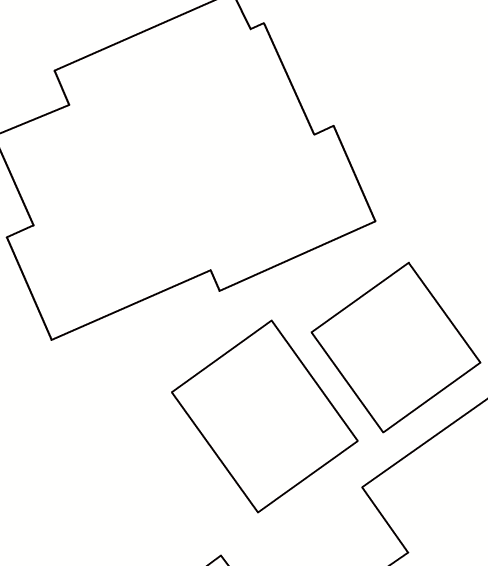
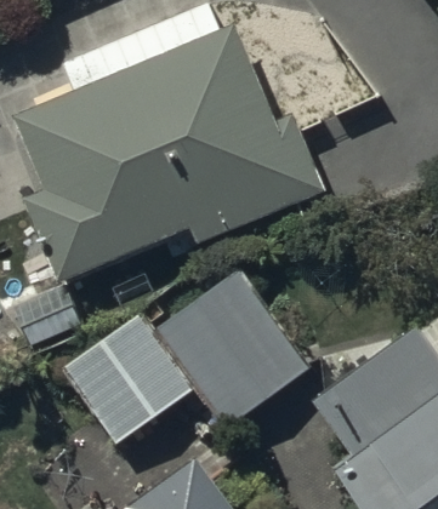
building: [312,263,480,432] -> none
building: none -> [58,311,193,446]

